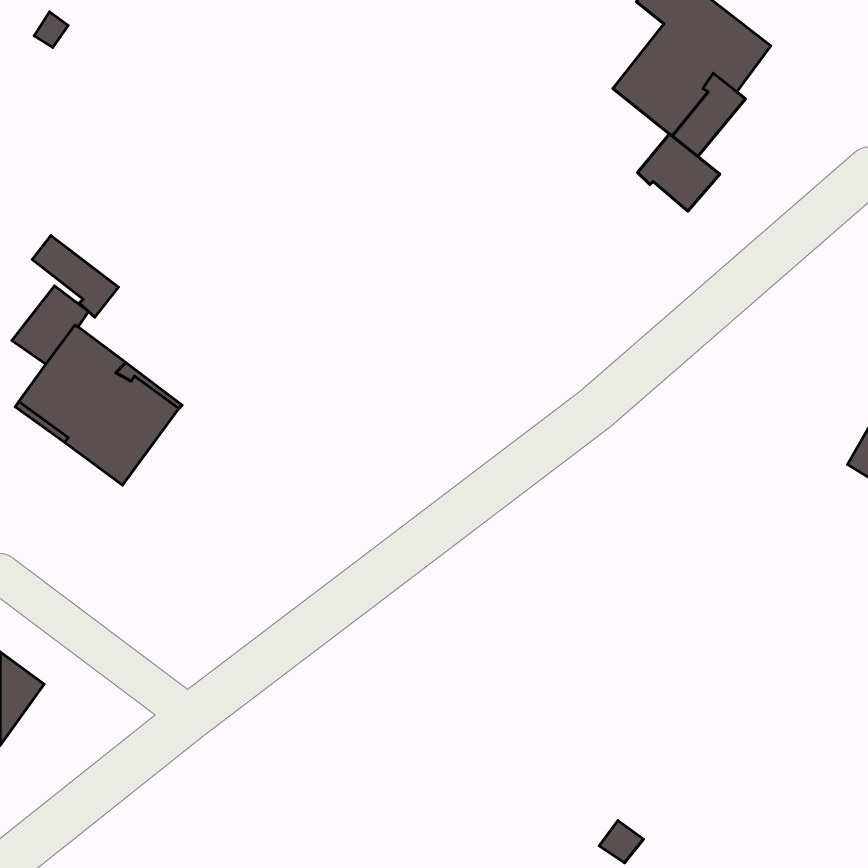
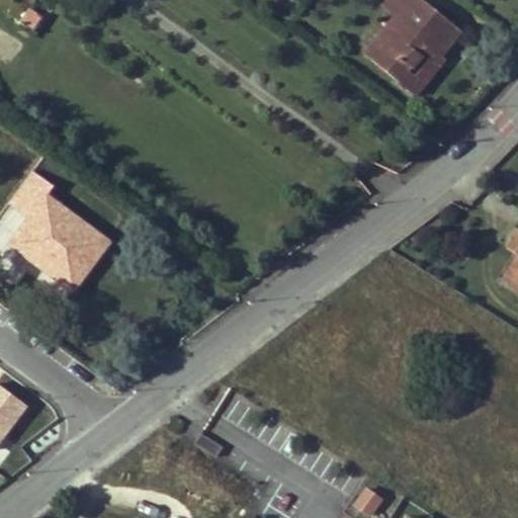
building: [638,134,720,211] -> none
building: [32,236,118,317] -> none

